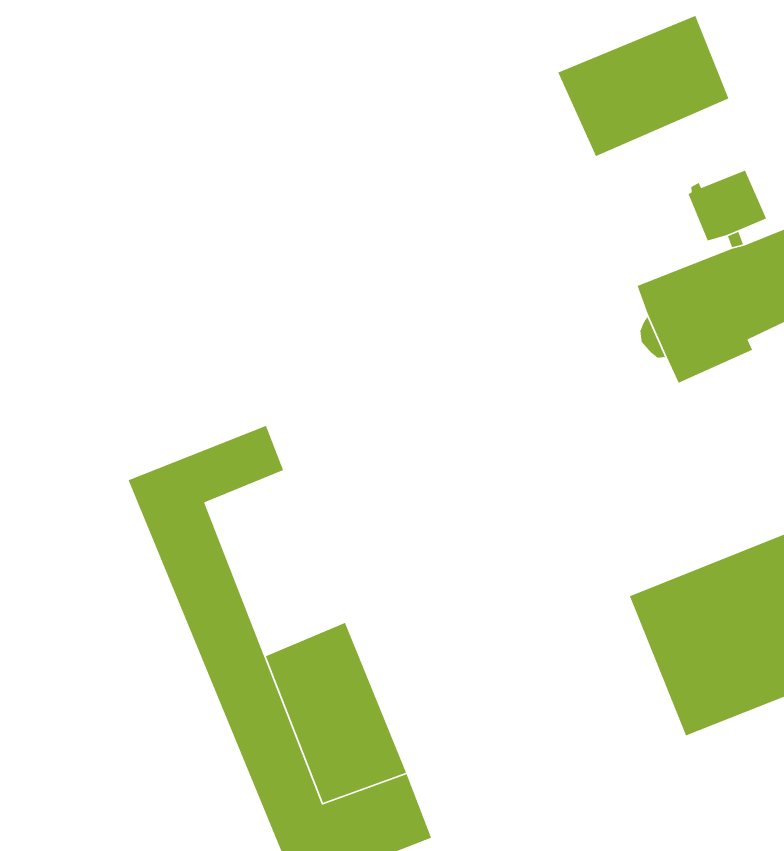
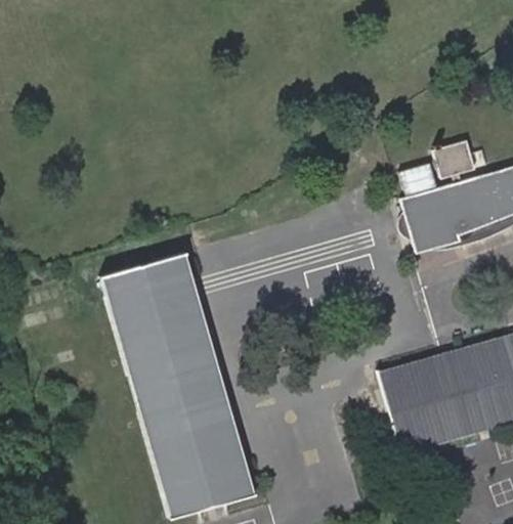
building: [557,15,730,157] -> none
building: none -> [145,281,217,384]

